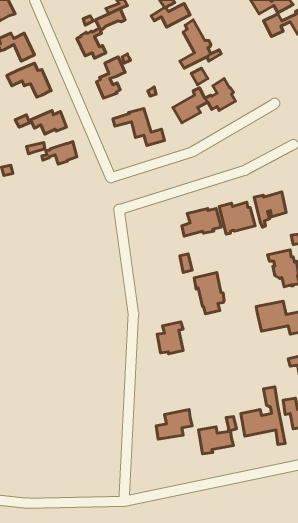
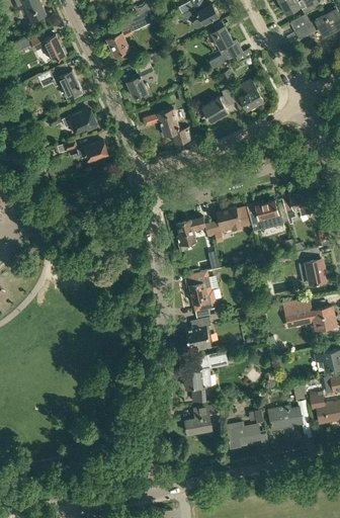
building: none -> [177,218,212,248]
building: [194,273,224,314] -> [185,271,215,312]
building: none -> [184,353,226,402]

